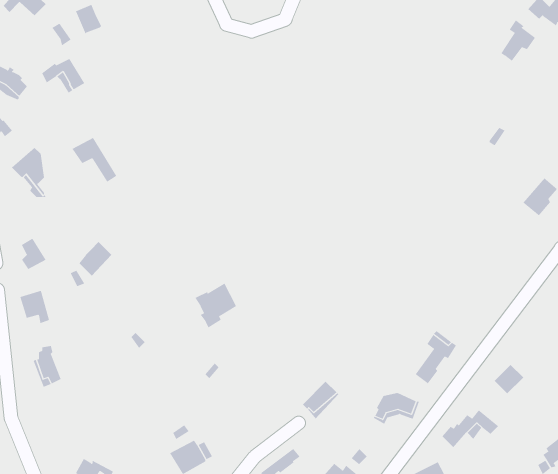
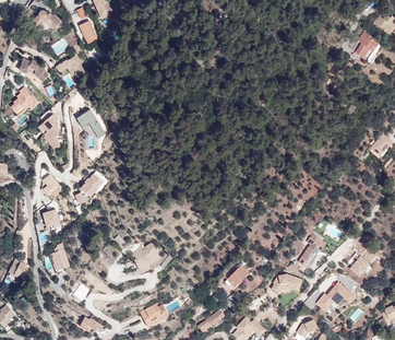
building: [195,283,237,328] -> [131,242,158,271]

